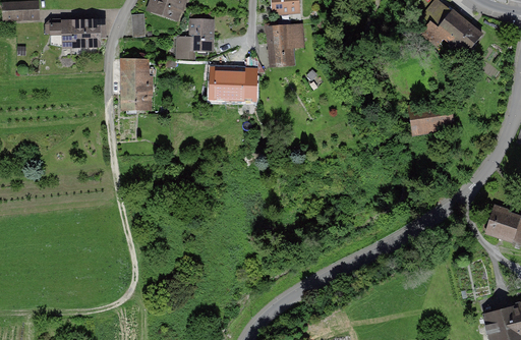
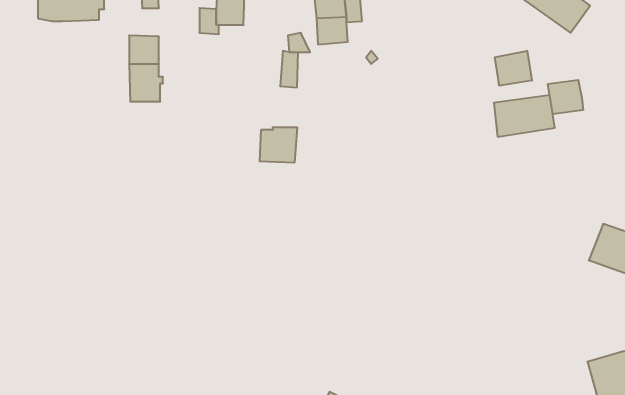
building: none -> [495,51,532,86]
building: [214,70,243,98] -> [260,127,297,162]
building: none -> [548,80,583,114]

